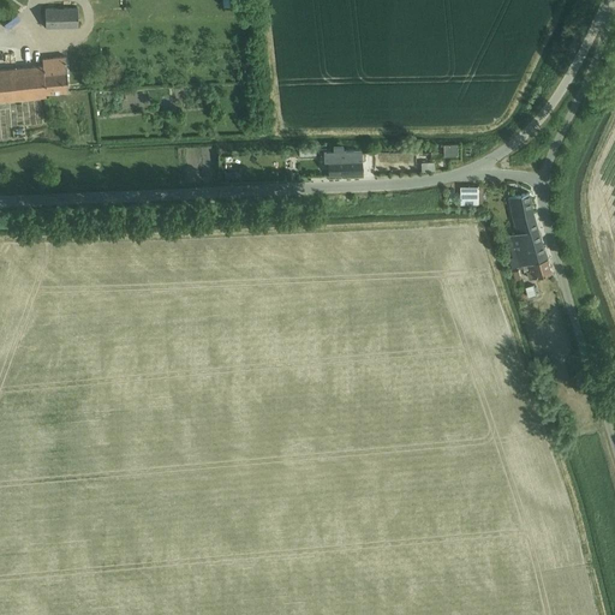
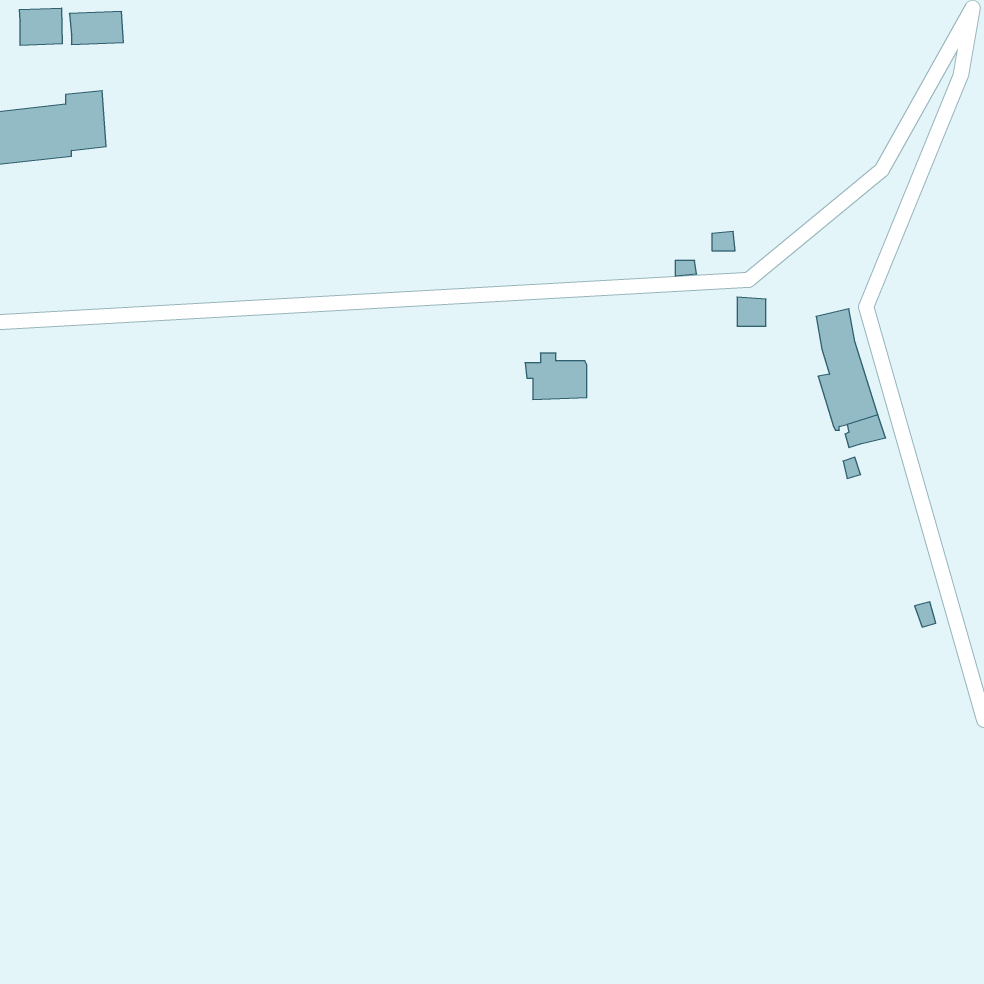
building: none -> [19,8,62,45]
building: [322,148,360,177] -> [525,353,587,399]

